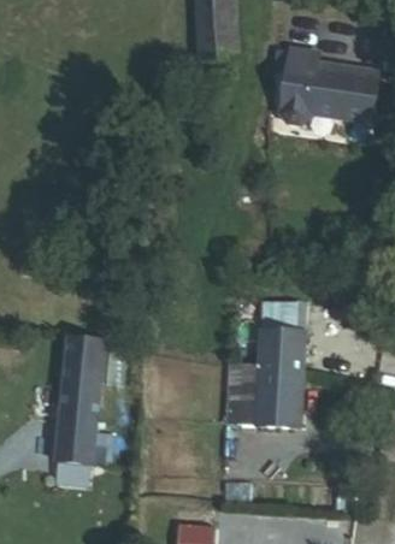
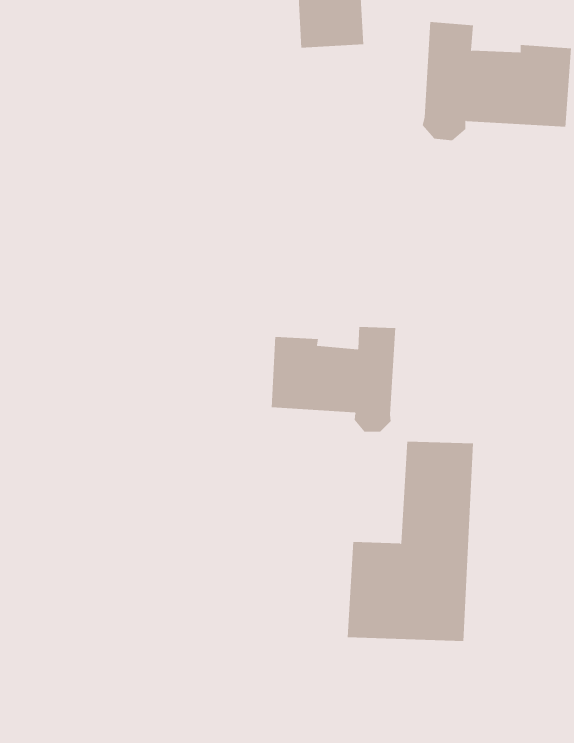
building: none -> [271,326,396,432]
building: [53,335,105,485] -> none

